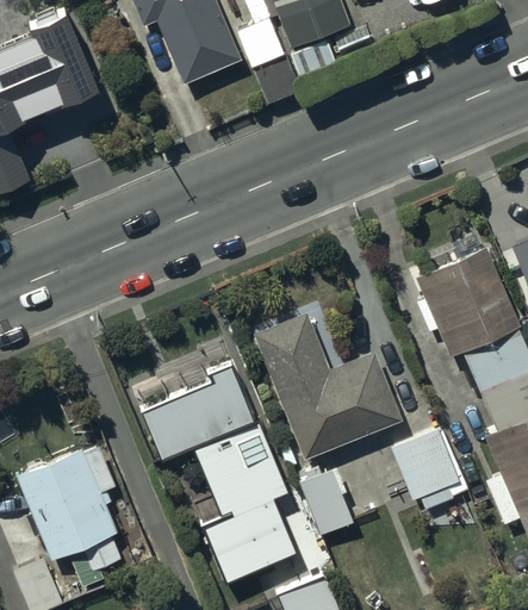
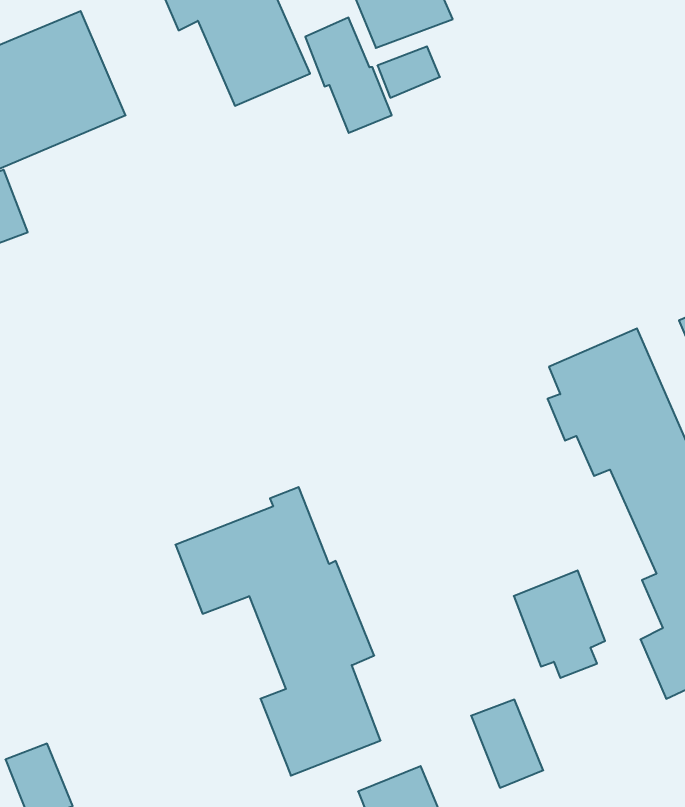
building: [255,313,402,459] -> none
building: [15,442,123,586] -> none
building: [300,471,354,536] -> [471,700,543,788]

